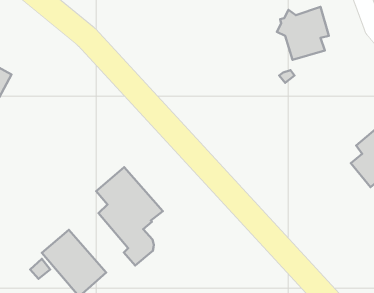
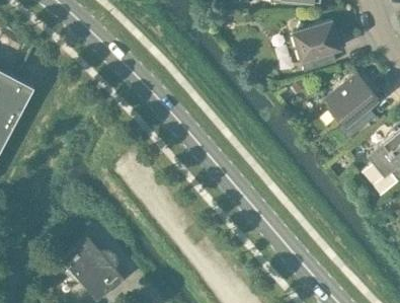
building: none -> [326,74,379,140]
building: [96,167,163,266] -> none

